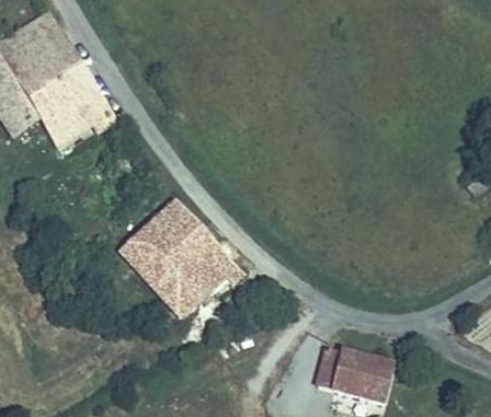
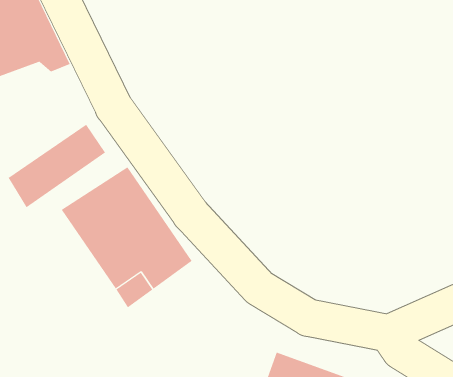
building: none -> [8,124,106,208]

